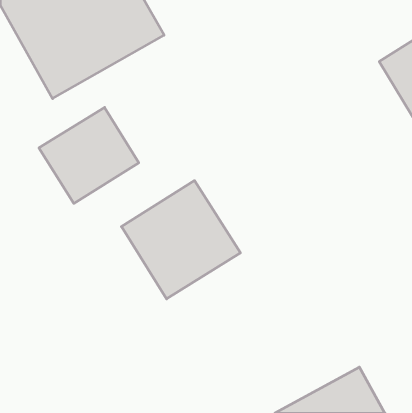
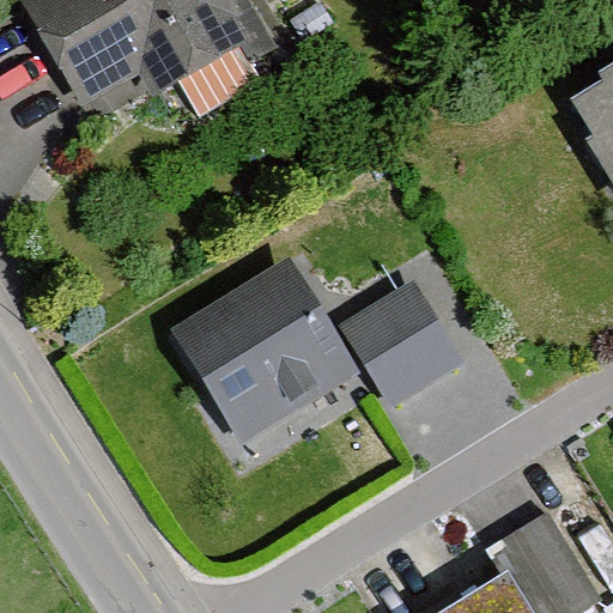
building: [39,107,139,203] -> none
building: none -> [360,286,466,395]

